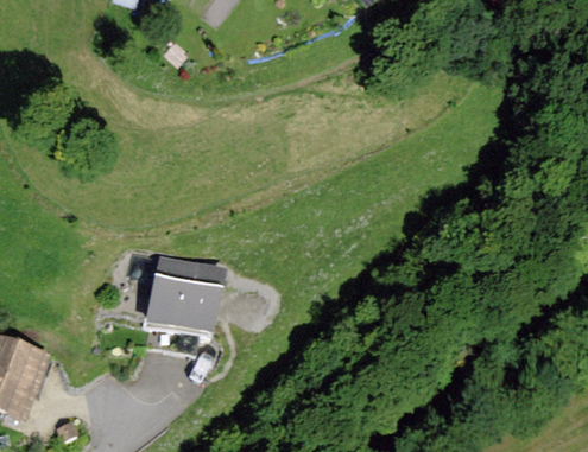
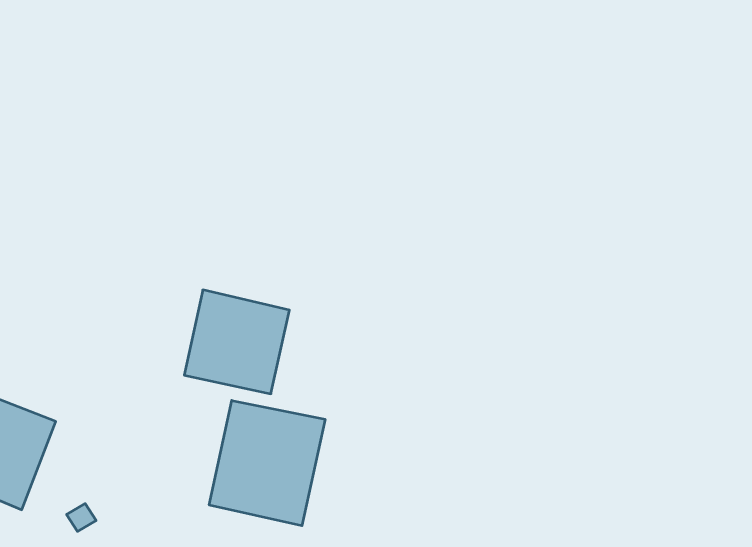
building: none -> [209,400,325,526]

